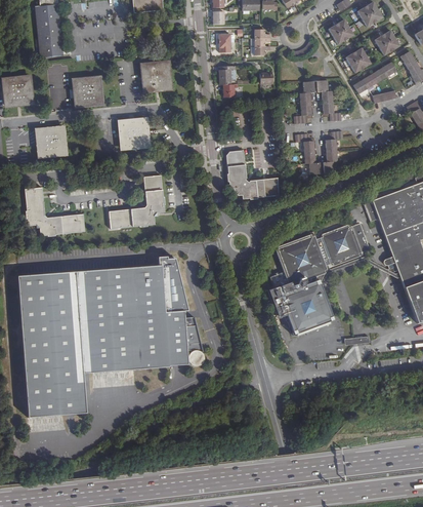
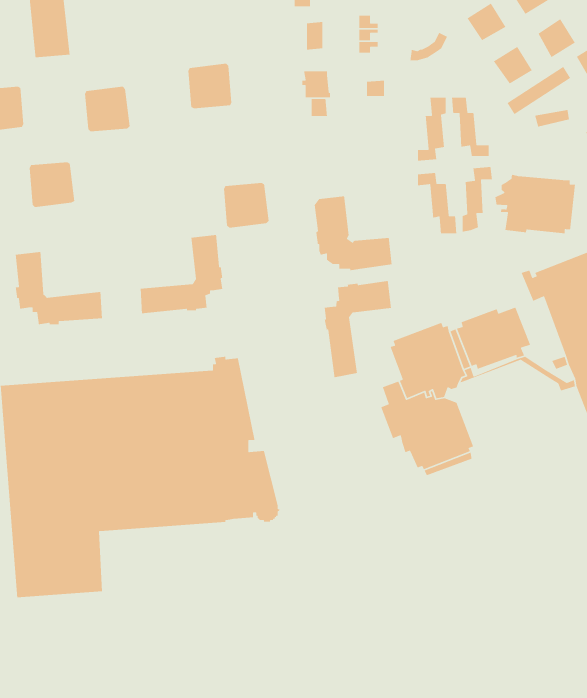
building: [119,118,150,149] -> [223,182,269,229]
building: none -> [495,174,576,234]
building: none -> [324,280,392,378]

